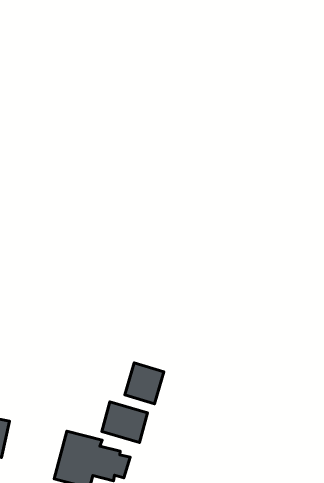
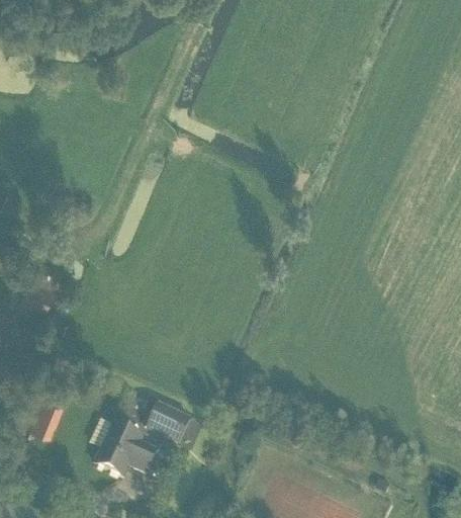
building: [125,363,164,404] -> none

